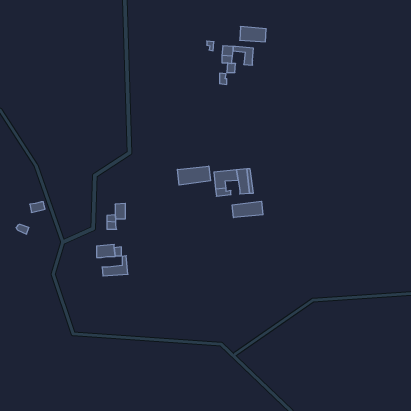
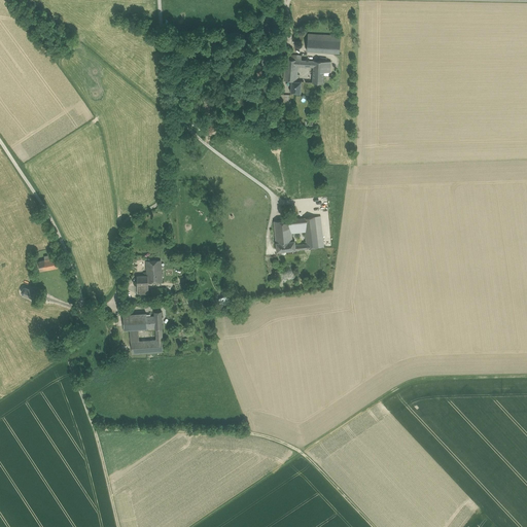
building: [177,166,210,185] -> none
building: [232,201,263,218] -> none

